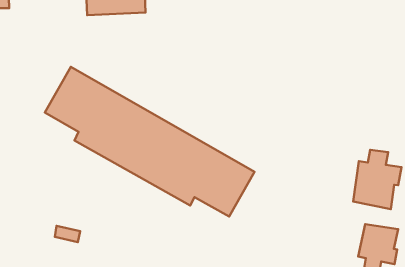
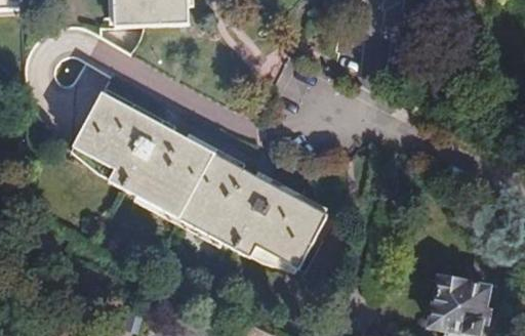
building: [353,150,401,209] -> none

